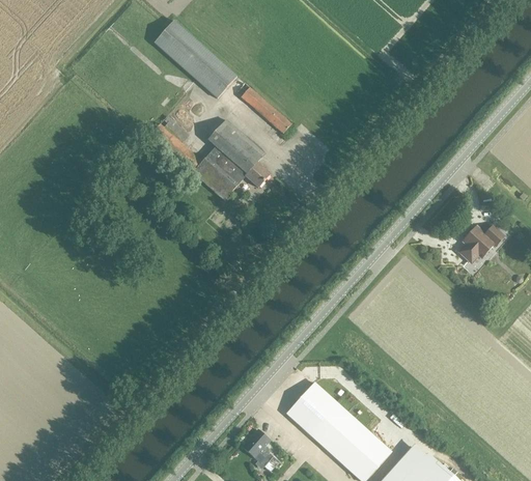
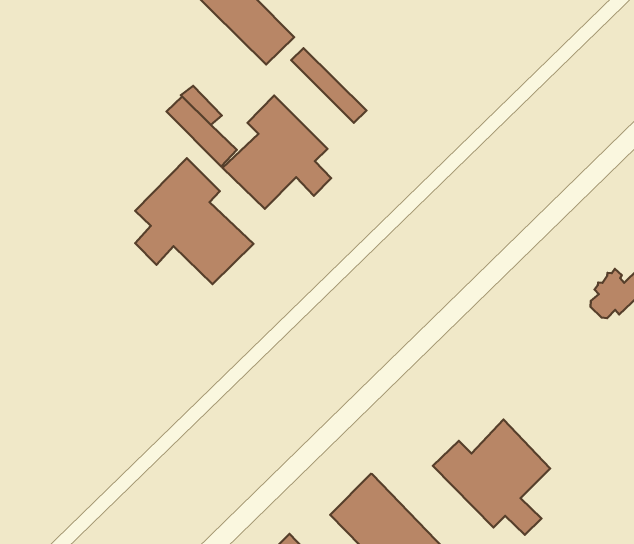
building: none -> [135,158,254,284]
building: none -> [433,420,550,535]

